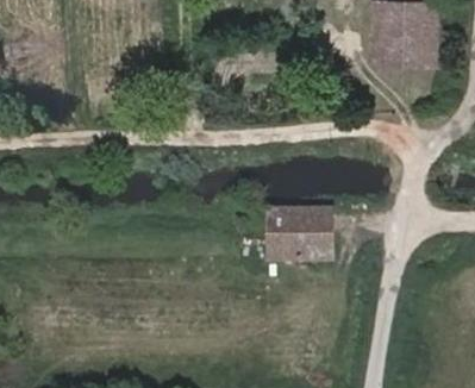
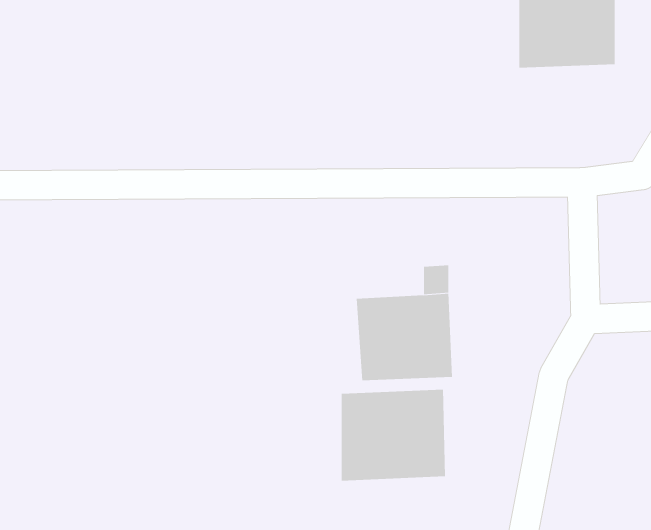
building: none -> [341,389,445,482]

